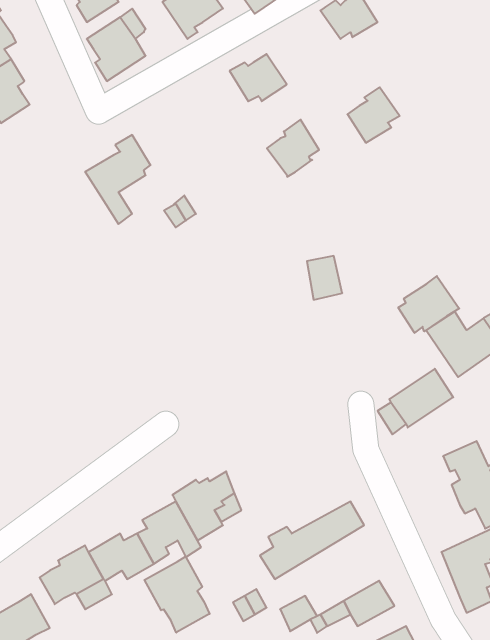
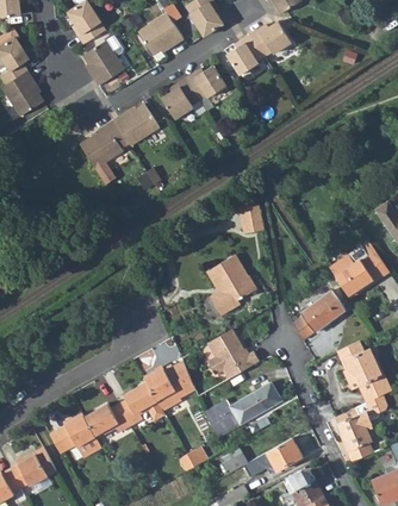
building: [347,87,400,143] -> [226,35,263,74]
building: none -> [116,111,157,144]
building: [267,120,319,177] -> [161,77,198,118]
building: [398,276,459,333] -> none
building: none -> [206,254,255,317]
building: none -> [207,330,259,379]
building: [144,557,210,633] -> none

